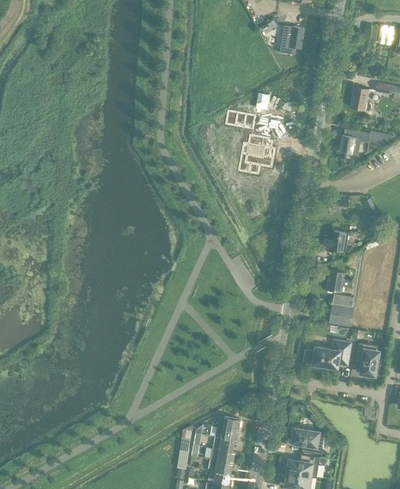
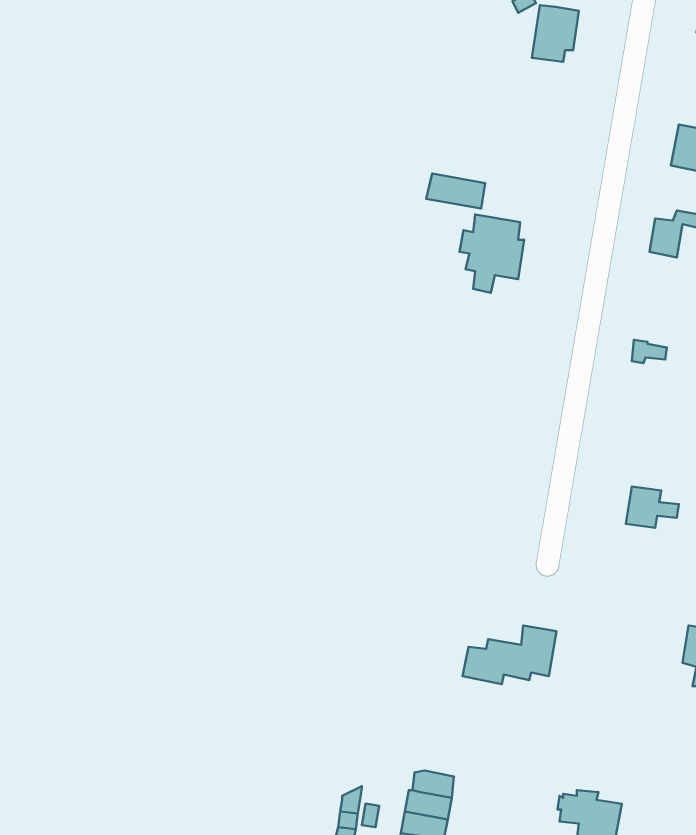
building: [323,230,347,251] -> none
building: [328,293,353,326] -> none
building: [302,339,350,369] -> [463,625,557,684]

